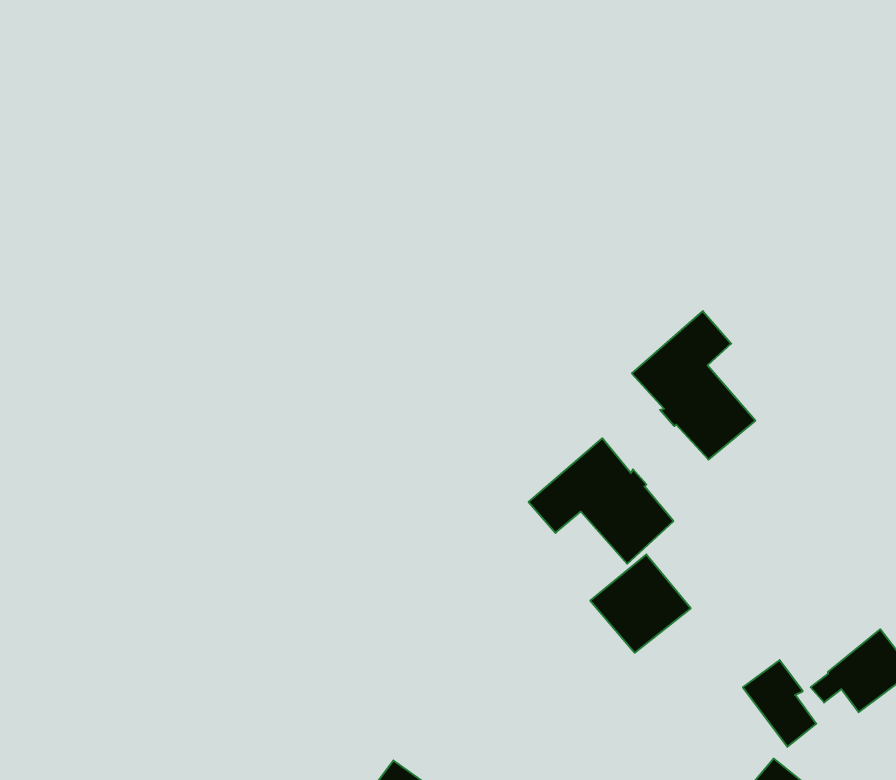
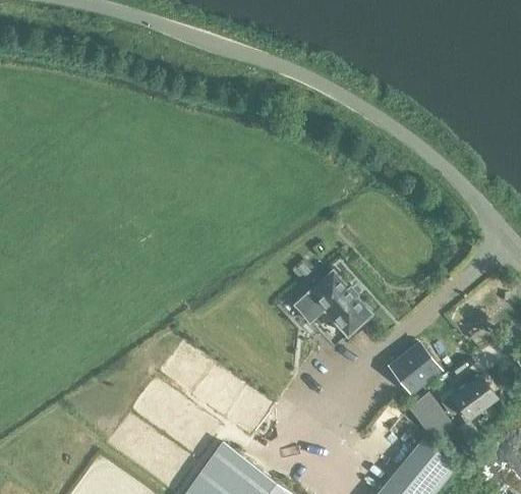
building: [632,311,755,460] -> none
building: [590,554,691,653] -> [388,342,441,394]

